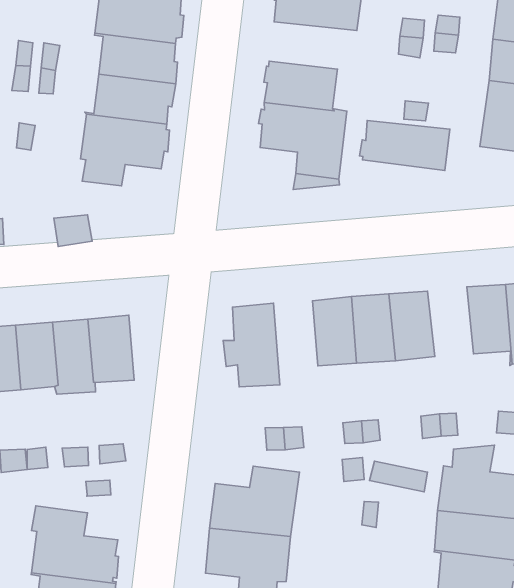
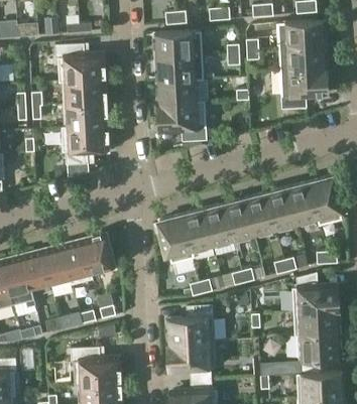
building: [359,121,450,170] -> [155,56,204,82]
building: none -> [266,187,298,229]
building: none -> [183,210,215,261]

